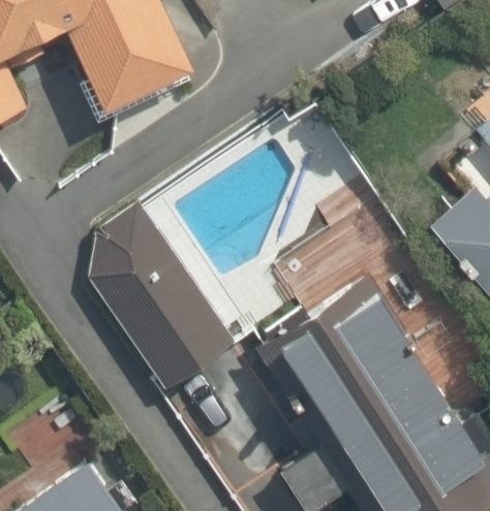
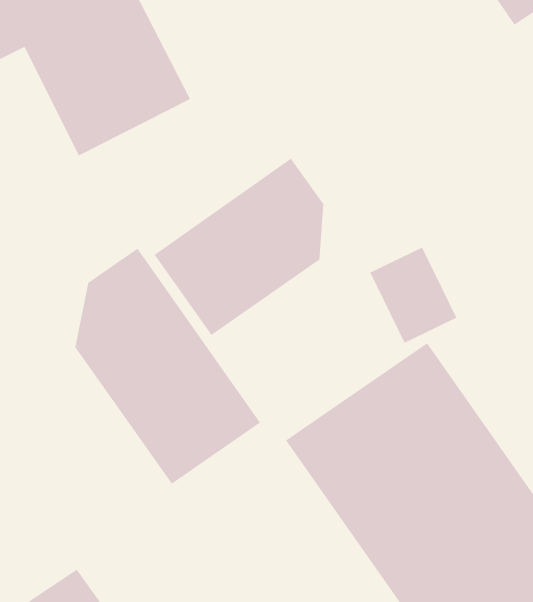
building: none -> [154,158,324,336]

